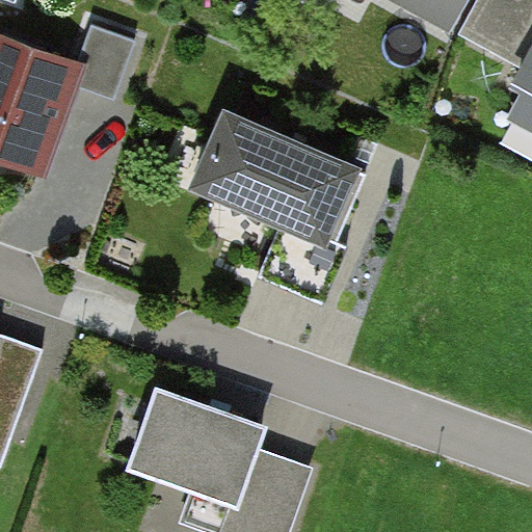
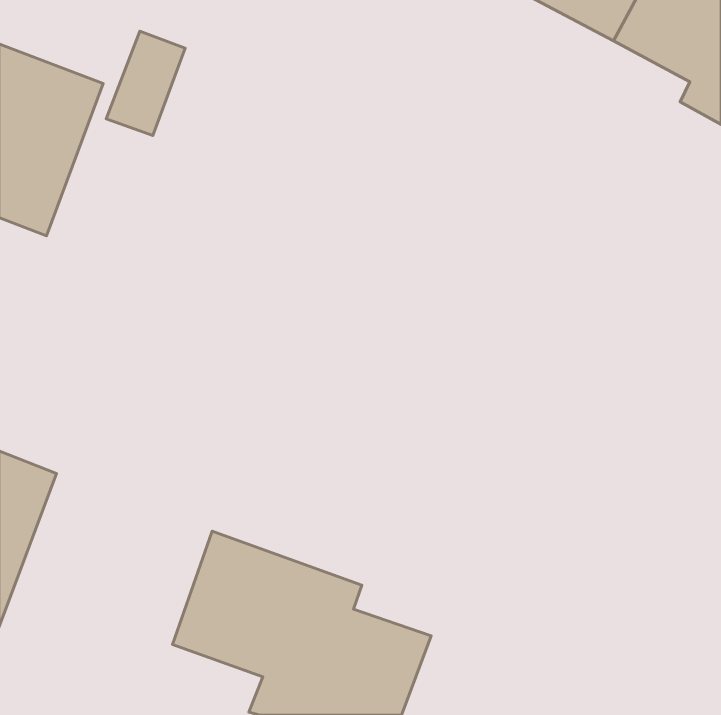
building: [208,118,365,299] -> none

